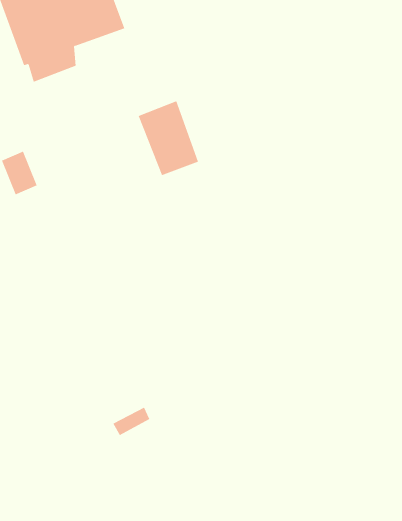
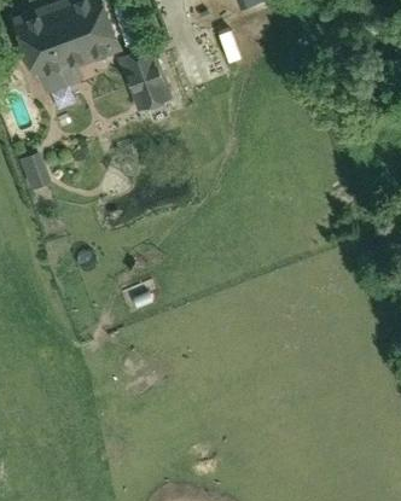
building: [138,101,199,176] -> [120,47,173,112]

